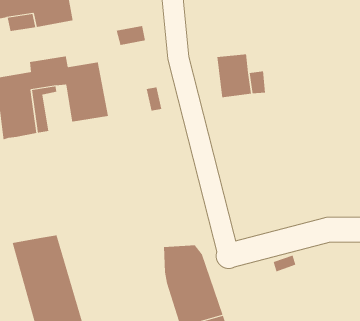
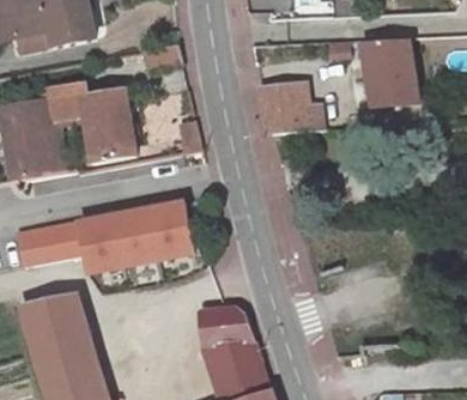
building: none -> [362,38,412,102]
building: none -> [17,201,193,271]

